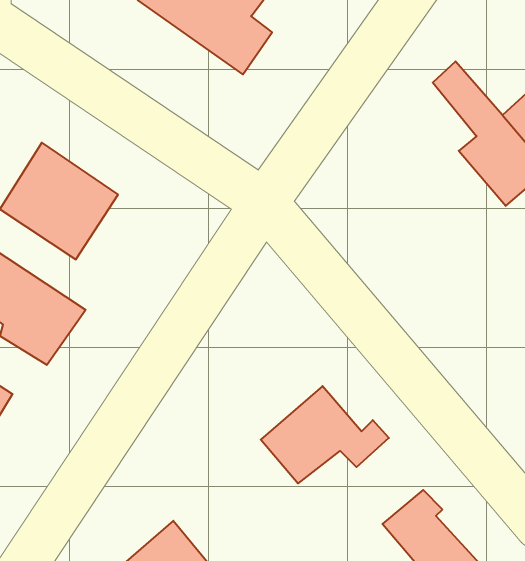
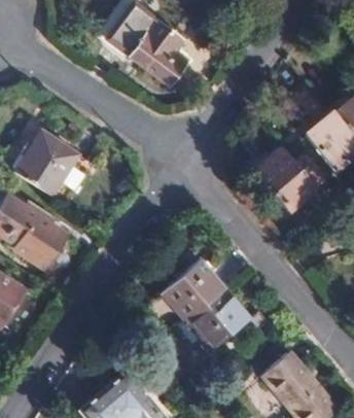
building: none -> [254,147,318,213]
building: none -> [156,256,221,319]

